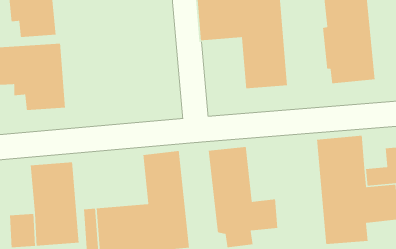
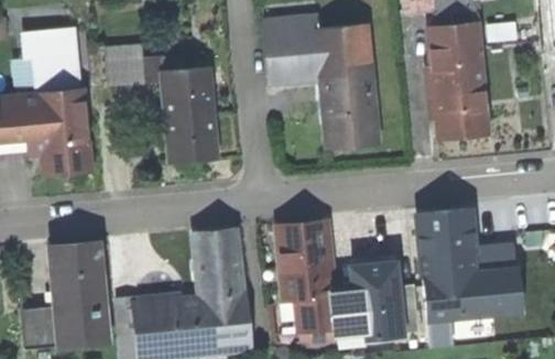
building: none -> [105,46,145,87]
building: none -> [160,68,219,164]
building: none -> [361,264,421,341]

